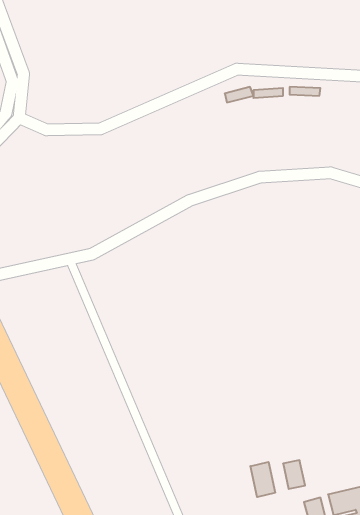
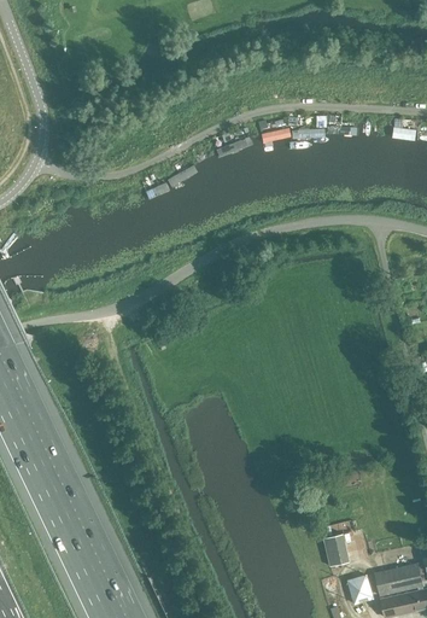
building: [250,462,275,497] -> none

